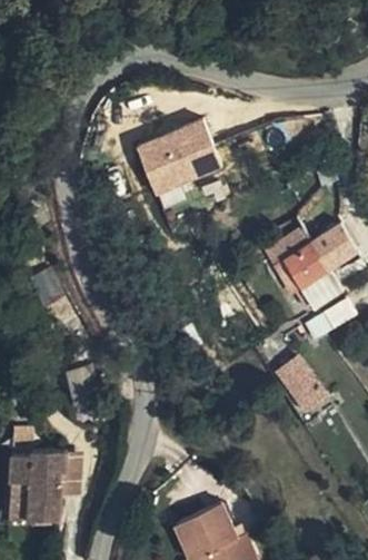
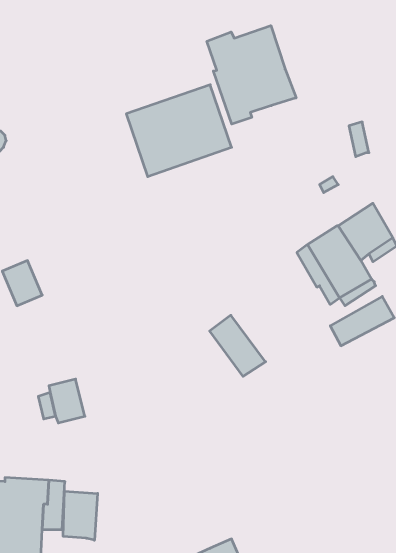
building: none -> [207,26,296,124]
building: [277,354,324,405] -> [210,315,266,376]
building: none -> [63,491,98,540]

